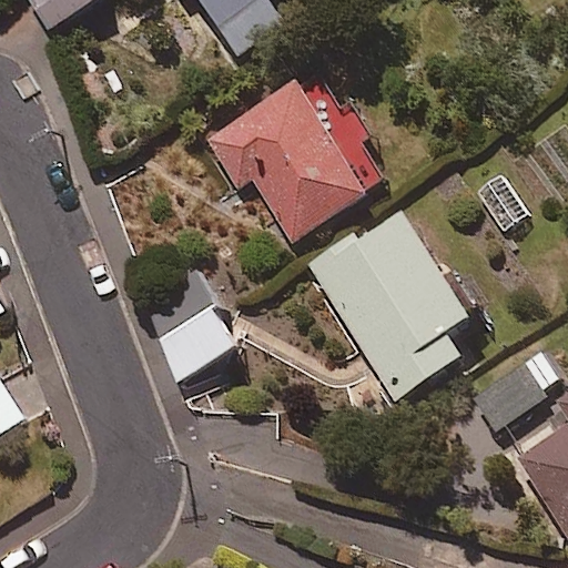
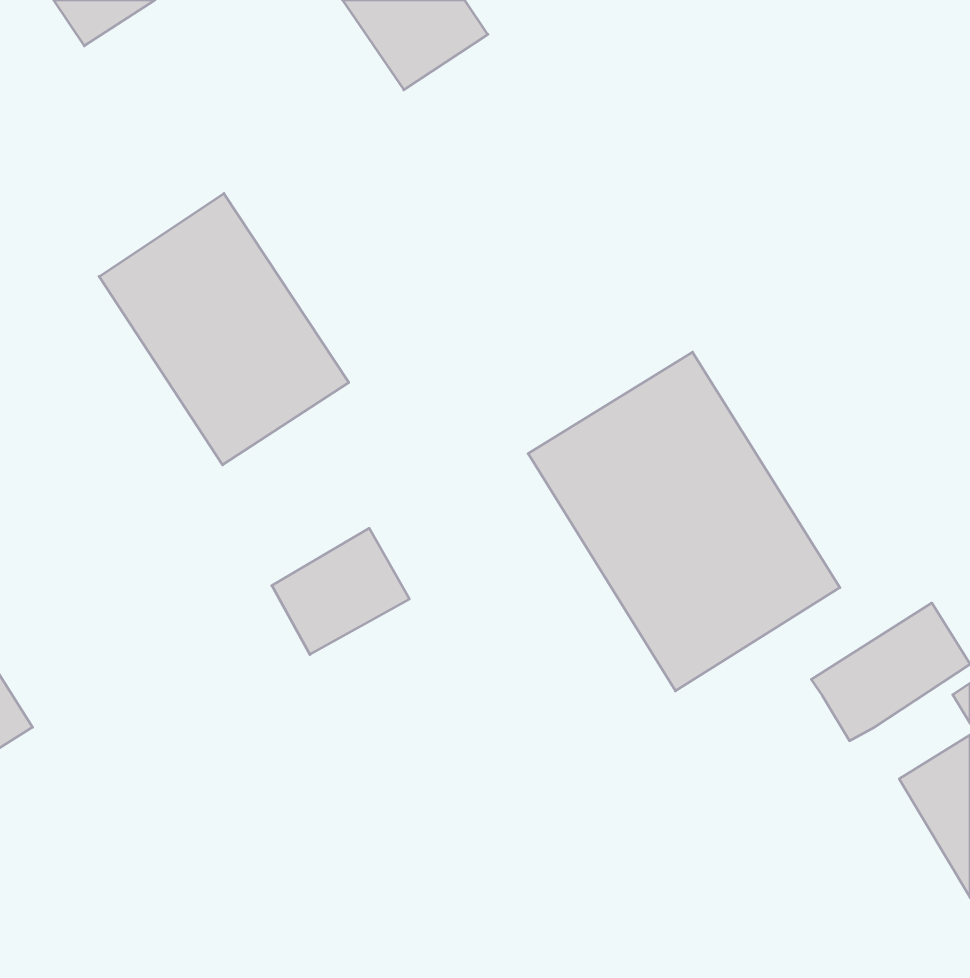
building: [201,64,390,241] -> none
building: none -> [99,193,349,465]

